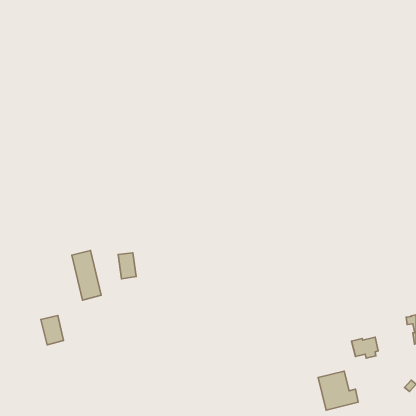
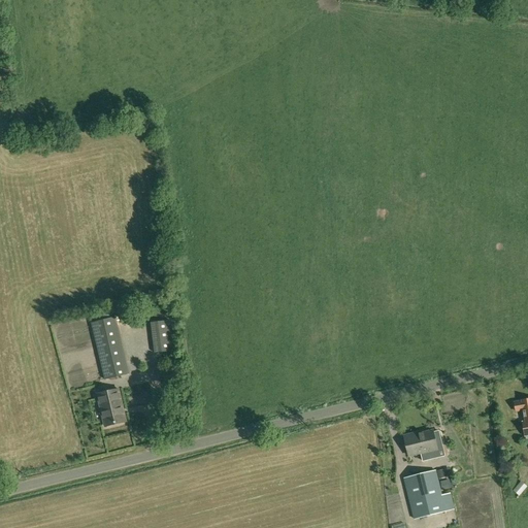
building: [41,315,64,345] -> [96,389,125,426]
building: [351,337,378,358] -> [402,430,436,457]

